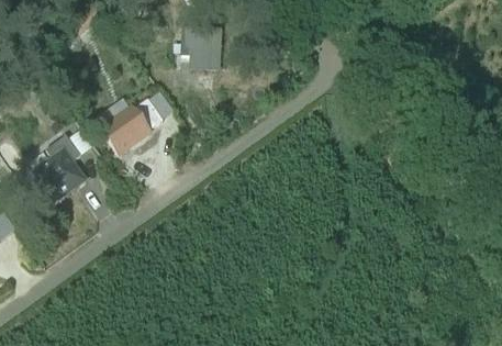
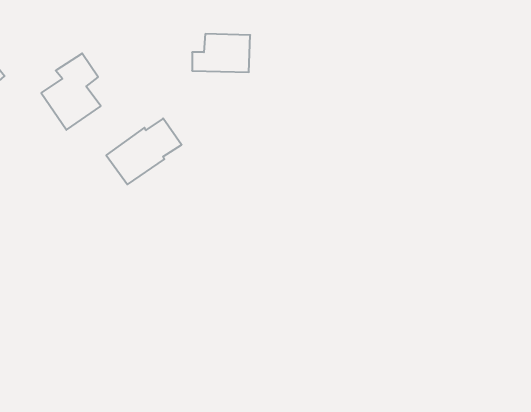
building: [34,136,83,200] -> [41,53,101,130]

